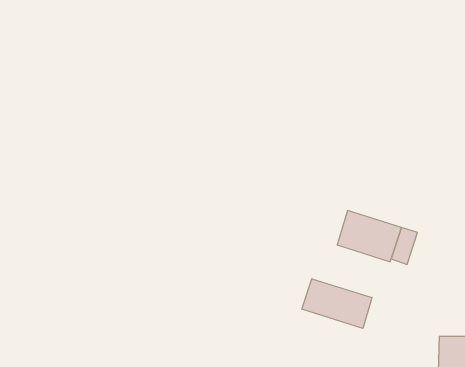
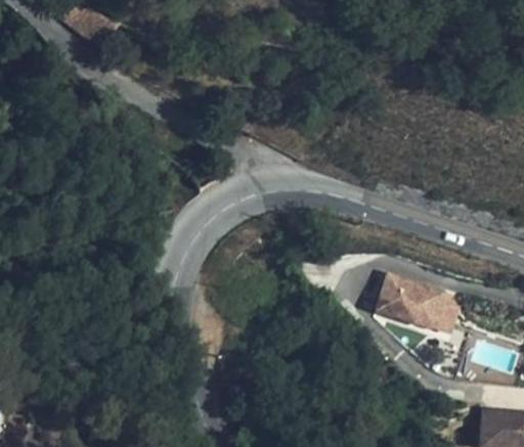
building: [302,279,372,328] -> none

